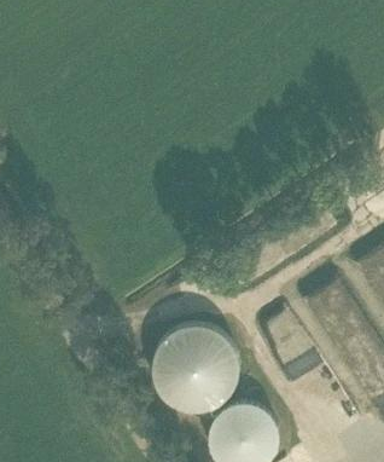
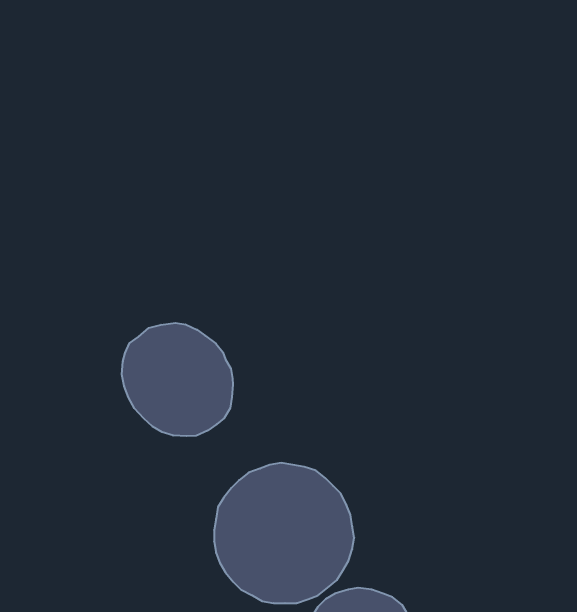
building: none -> [122,323,233,436]

